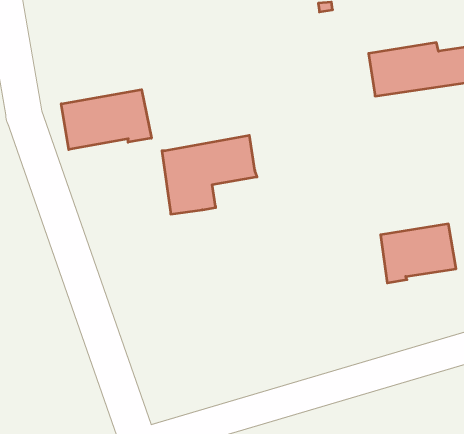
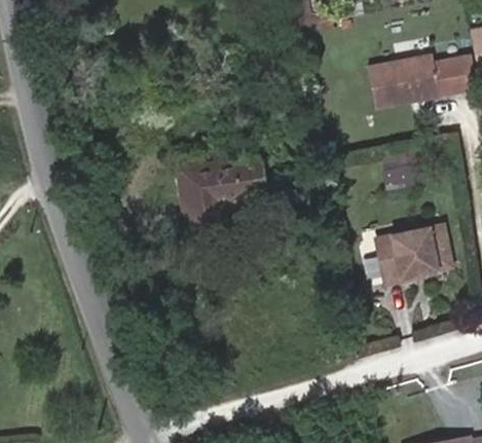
building: [61,90,151,150] -> none

